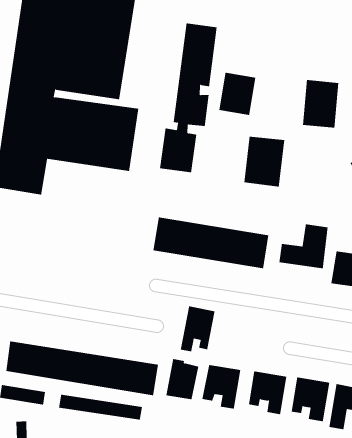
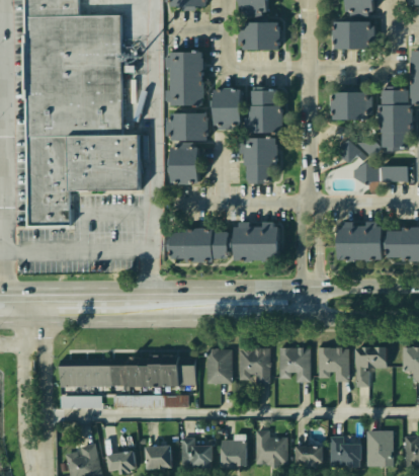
building: none -> [240,22,277,53]
building: [302,80,339,128] -> [248,90,280,133]
building: [279,223,328,269] -> none
building: [180,306,215,352] -> none

